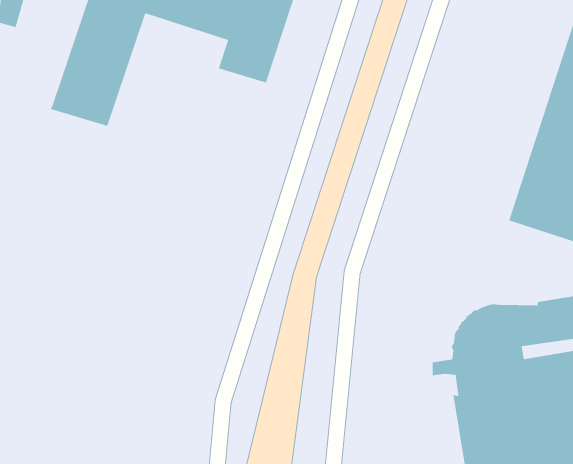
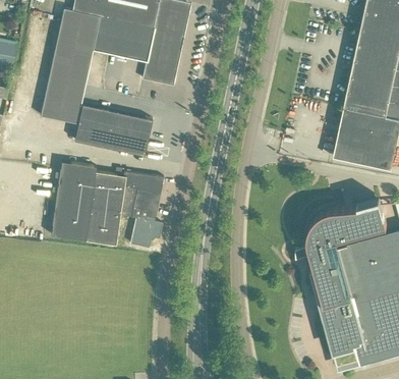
building: none -> [76,103,153,156]
building: none -> [51,163,163,249]

